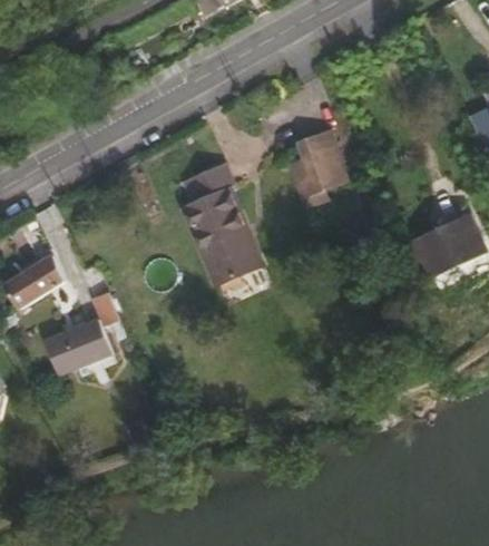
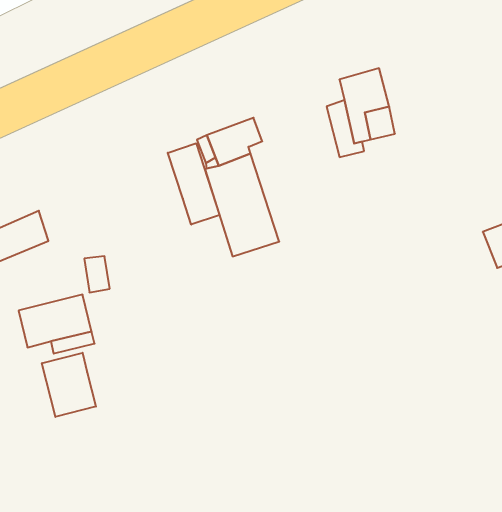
building: none -> [168,143,219,225]
building: none -> [42,353,96,417]

